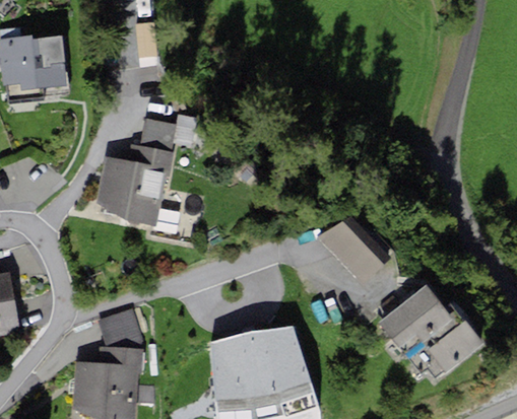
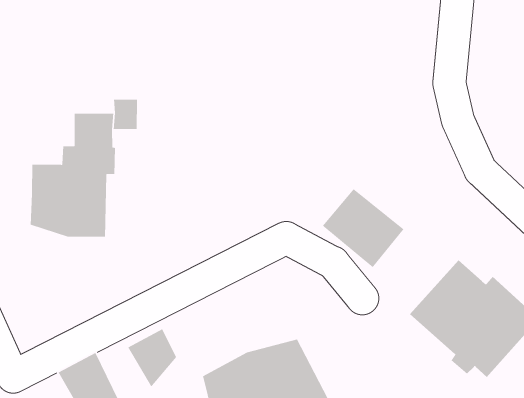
building: none -> [127,328,177,388]

